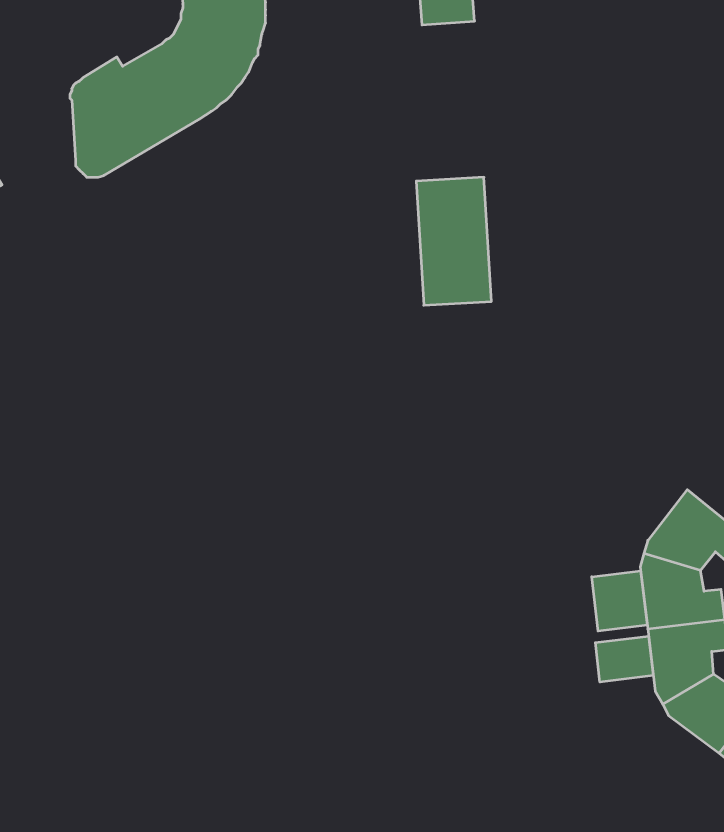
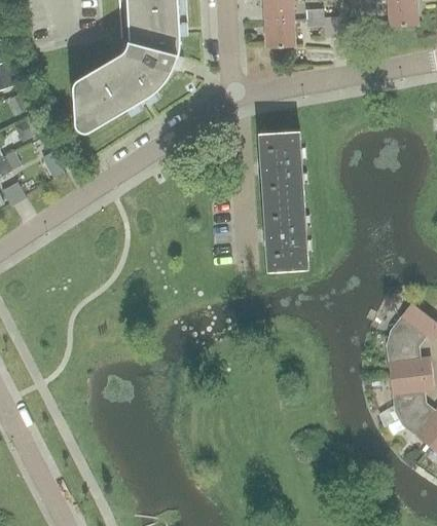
building: none -> [266,199,307,270]
building: [592,571,647,631] -> none
building: [595,636,653,682] -> none

